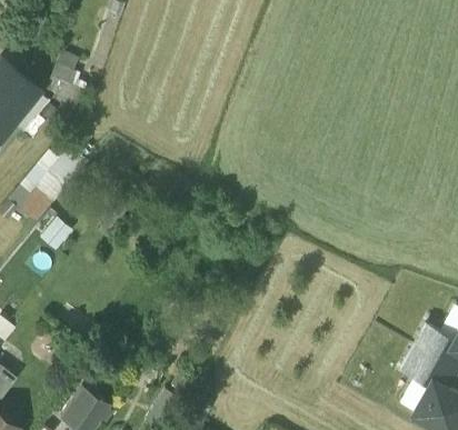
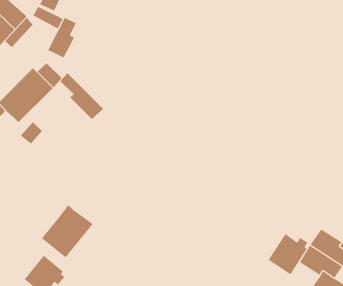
building: none -> [47,17,77,58]
building: none -> [60,73,104,120]
building: none -> [41,205,94,258]
building: none -> [268,233,308,275]

